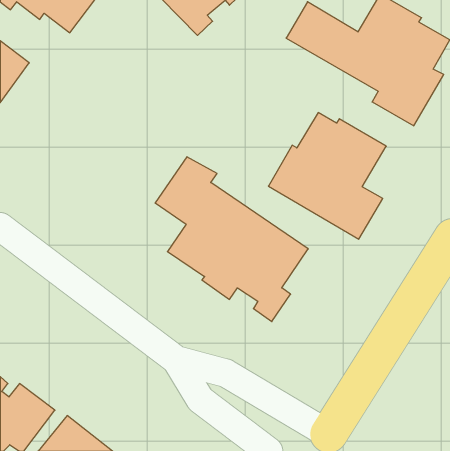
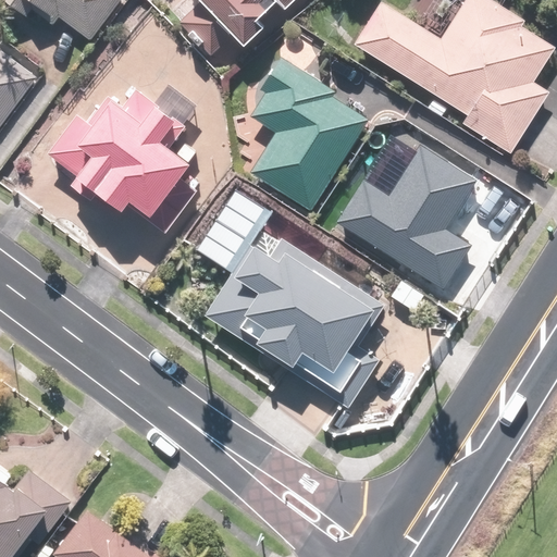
building: none -> [246,57,367,211]
building: none -> [45,83,195,219]

